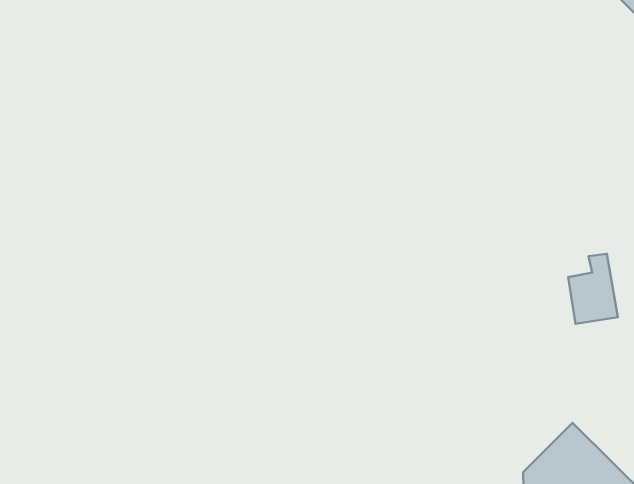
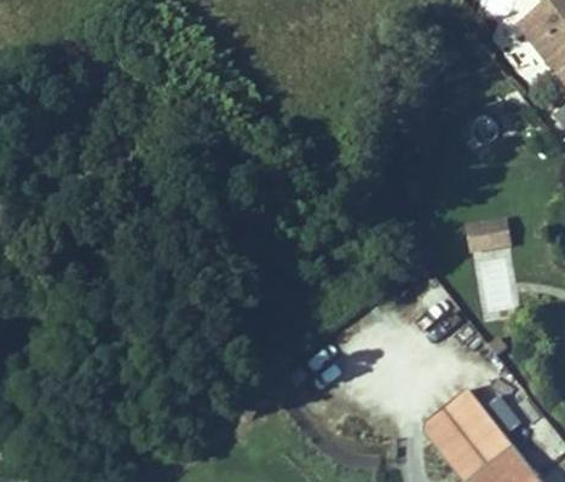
building: none -> [465,215,513,254]

